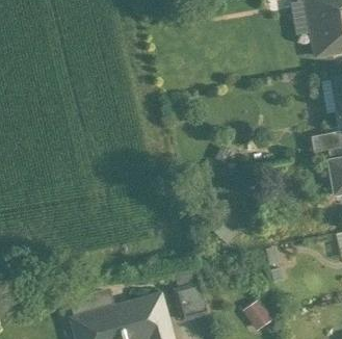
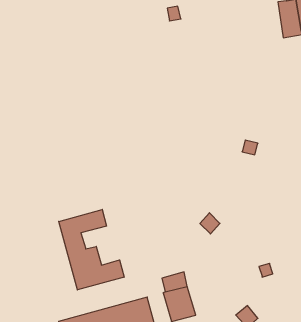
building: none -> [59,209,124,290]

